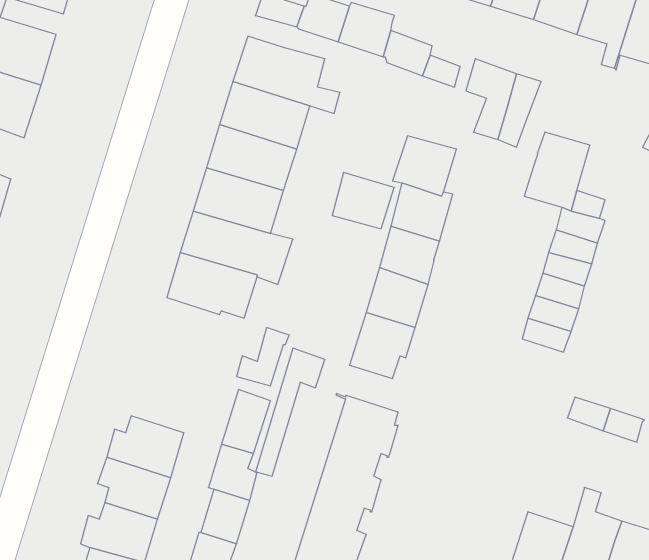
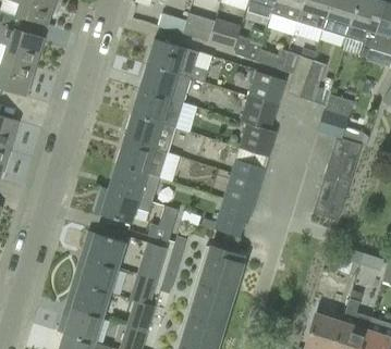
building: [332,172,394,229] -> [247,71,283,103]
building: none -> [94,189,152,224]
building: none -> [83,230,125,267]

